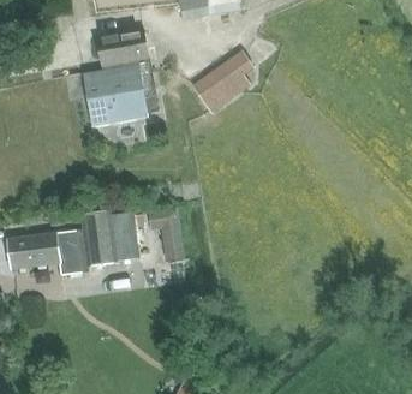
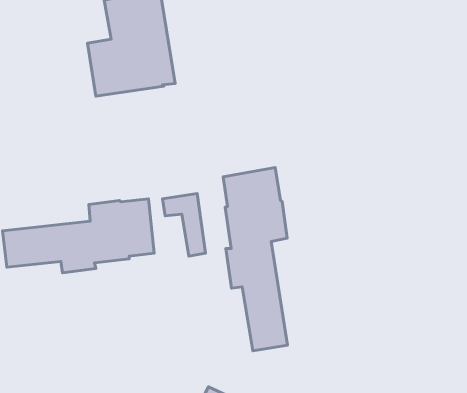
building: [190,49,253,113] -> none
building: none -> [223,167,288,351]

